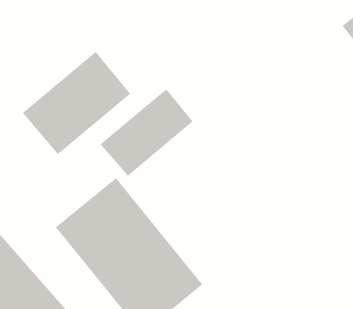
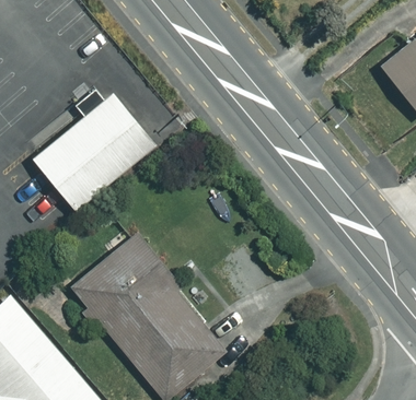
building: [99,88,194,177] -> none

